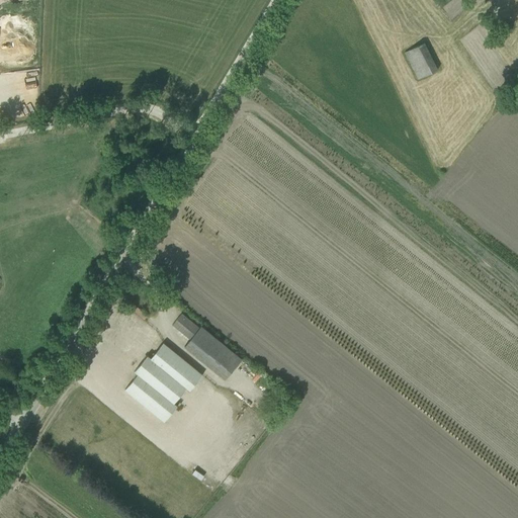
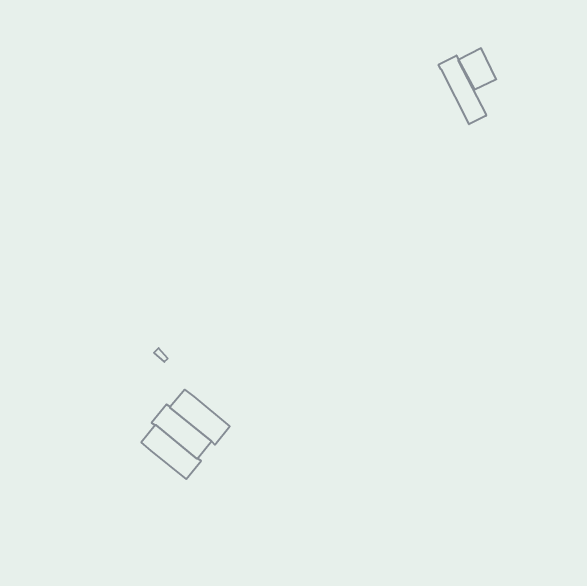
building: none -> [439,55,486,124]
building: [172,316,241,380] -> none

